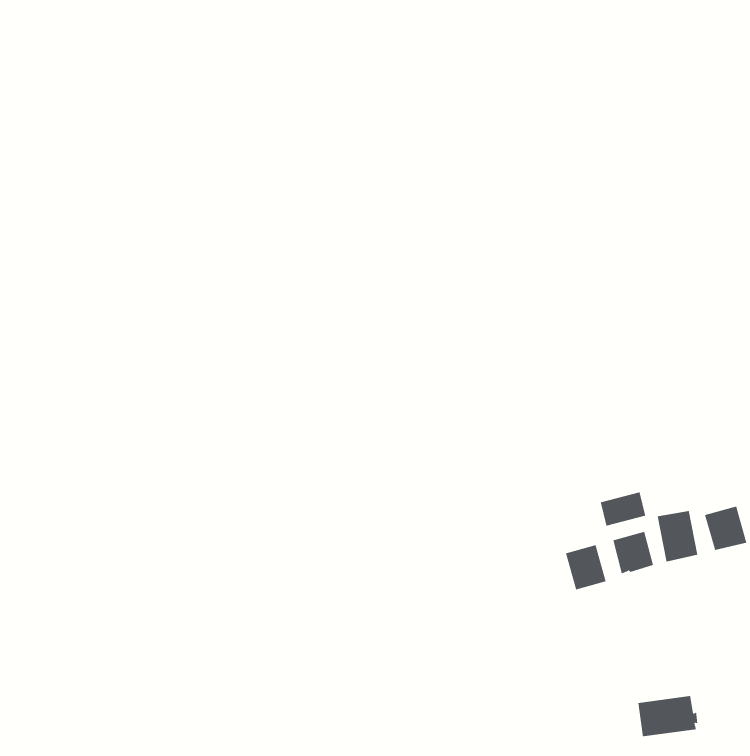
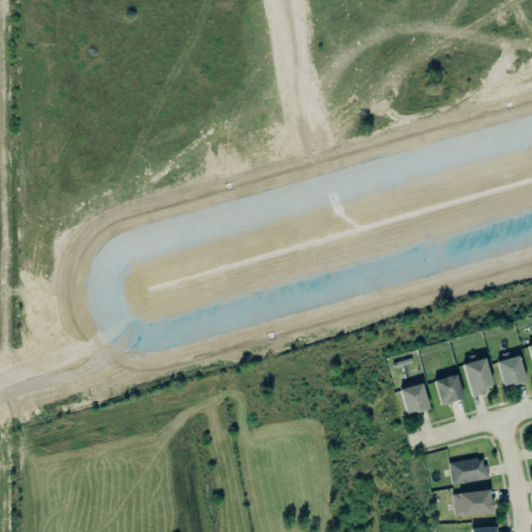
building: [600,491,646,526] -> none
building: none -> [452,457,490,485]

